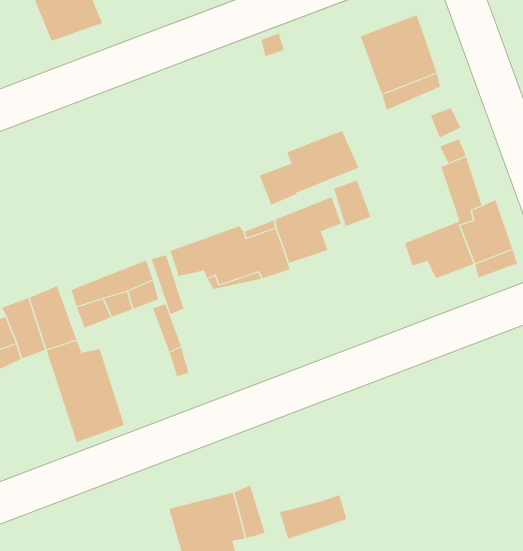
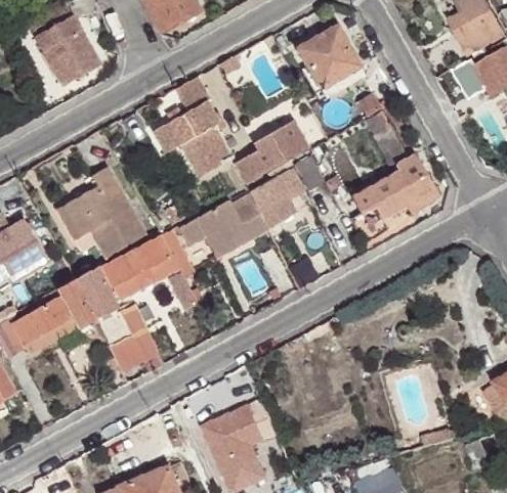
building: none -> [152,75,233,168]
building: none -> [57,170,142,258]
building: [279,494,347,540] -> none

